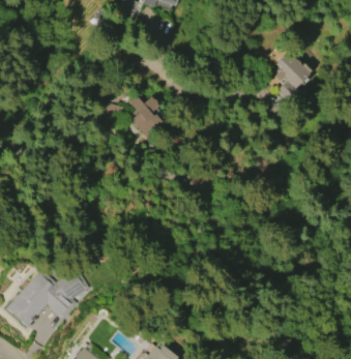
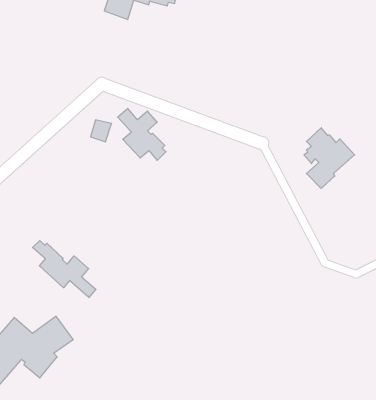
building: [273,53,316,103] -> [304,128,355,188]
building: none -> [33,241,96,298]

